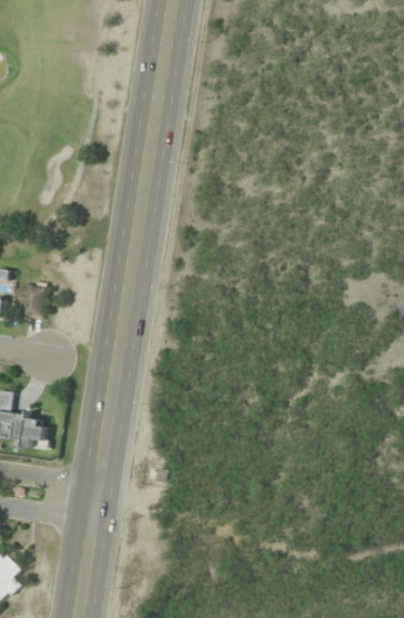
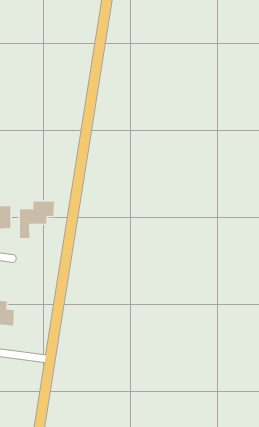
building: none -> [19,201,55,239]

